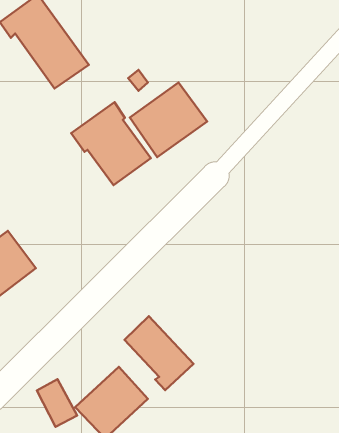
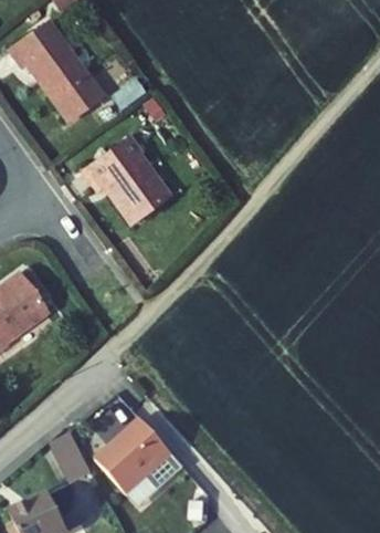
building: [130,83,207,157] -> none
building: [124,316,194,390] -> none

